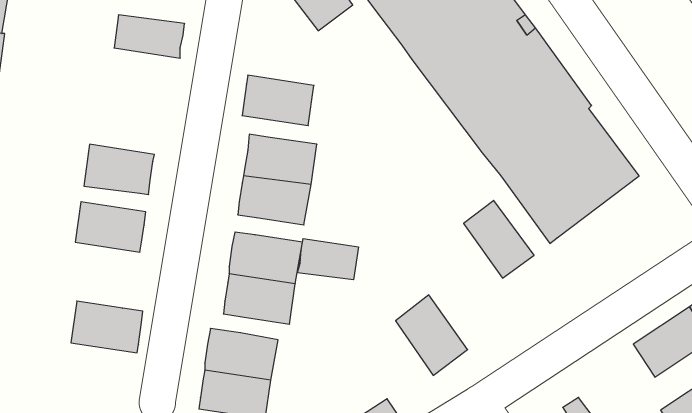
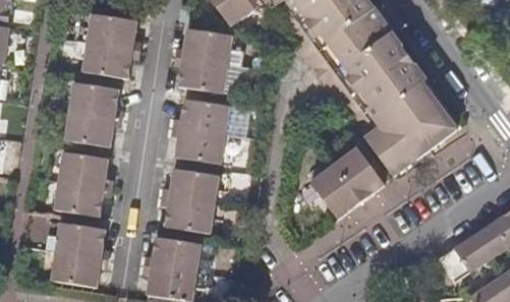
building: none -> [181,28,232,65]
building: none -> [81,39,133,74]
building: none -> [69,79,119,114]
building: [298,239,358,280] -> none
building: none -> [54,176,105,213]
building: [396,295,468,375] -> [310,163,361,220]
building: none -> [52,247,103,287]

